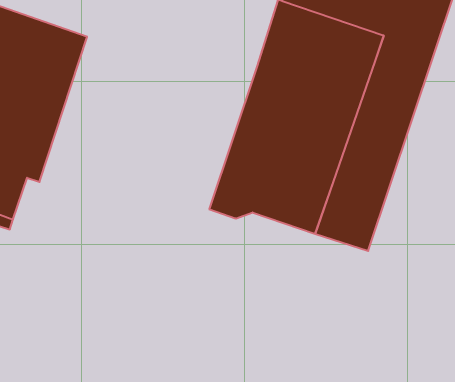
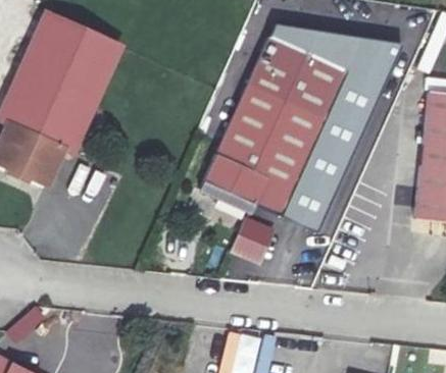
building: none -> [236,216,278,262]

